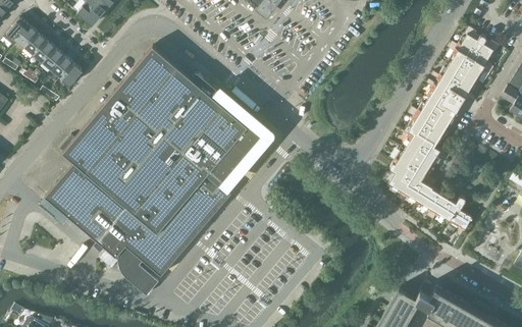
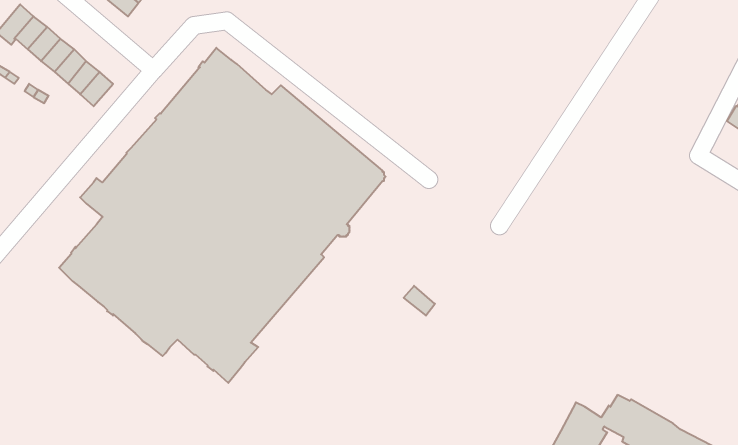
building: [381,26,500,237] -> none
building: [118,246,161,296] -> none

